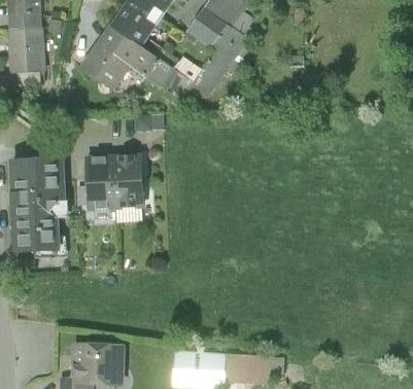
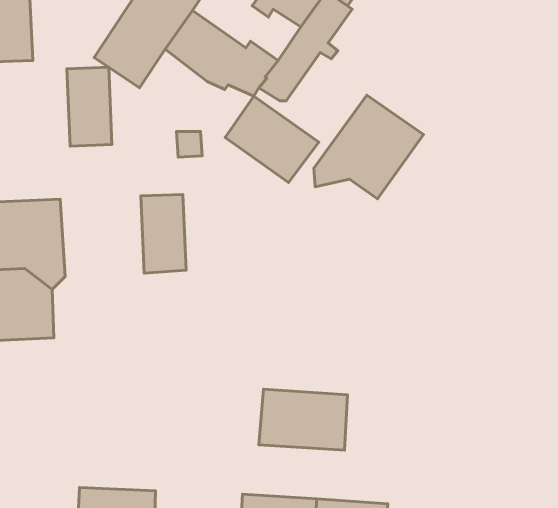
building: none -> [314,95,423,199]
building: none -> [225,96,319,183]
building: [87,157,115,208] -> [67,67,112,146]
building: none -> [259,389,347,450]

